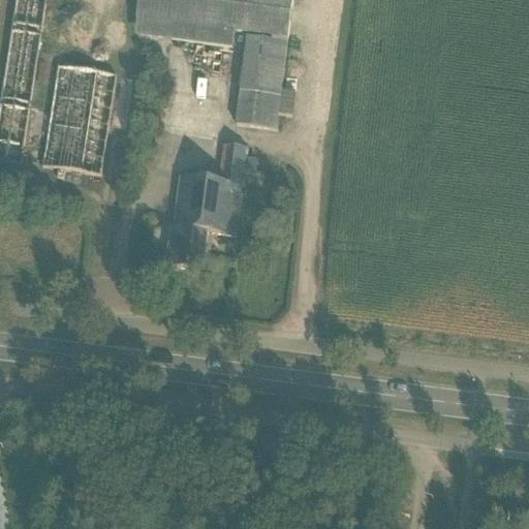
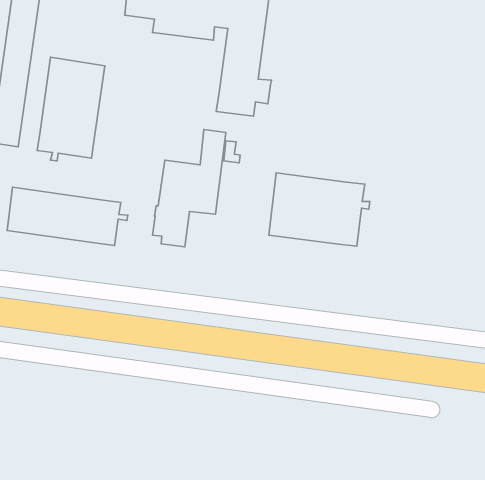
building: none -> [269,173,370,246]
building: none -> [7,187,128,246]

